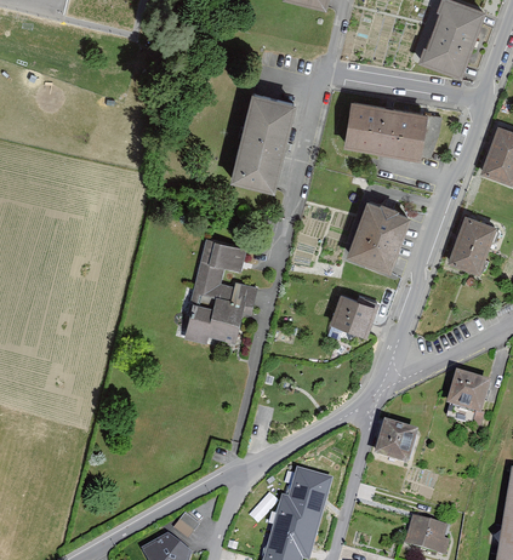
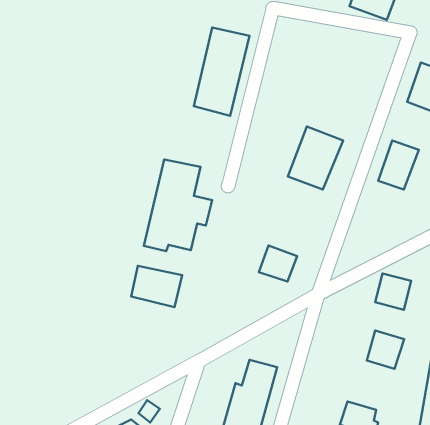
building: [343,102,443,161] -> none
building: [331,296,375,337] -> [259,245,297,282]
building: none -> [131,266,182,307]
building: [372,417,415,461] -> [367,331,404,369]

